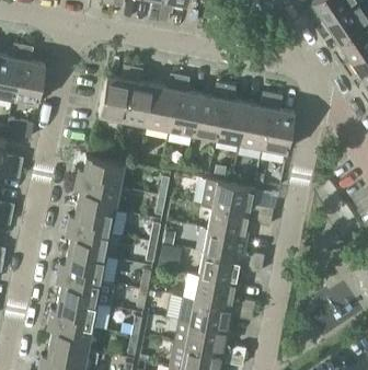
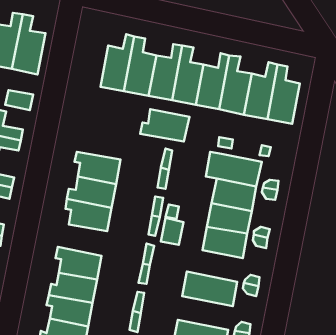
building: [76,157,124,188] -> [140,109,190,142]
building: [57,252,105,282] -> none
building: [183,275,238,308] -> none
building: [174,322,228,355] -> none

